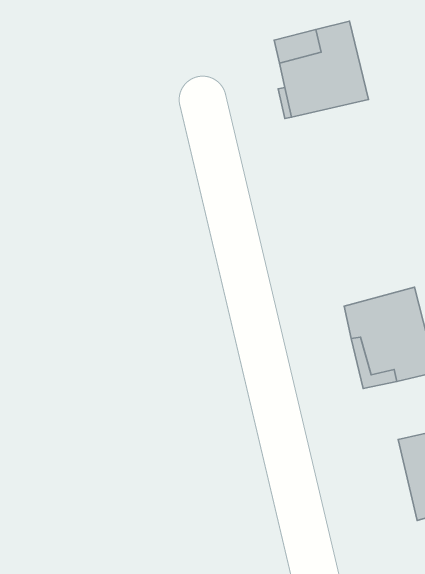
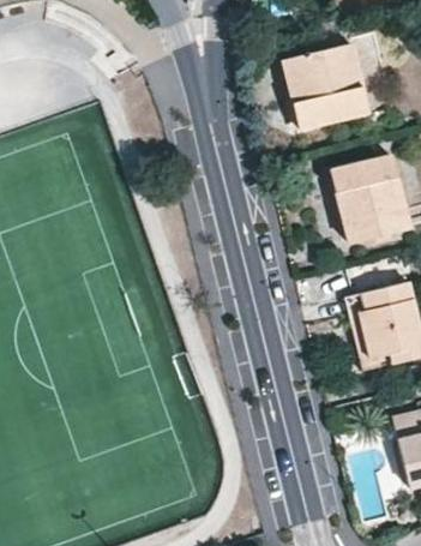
building: none -> [332,155,410,241]

